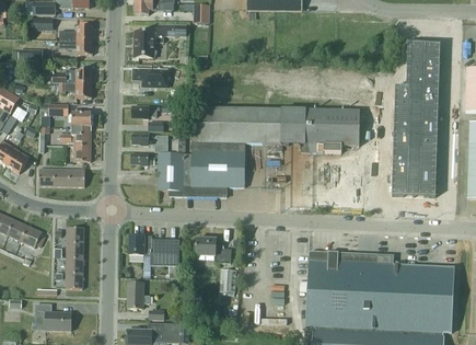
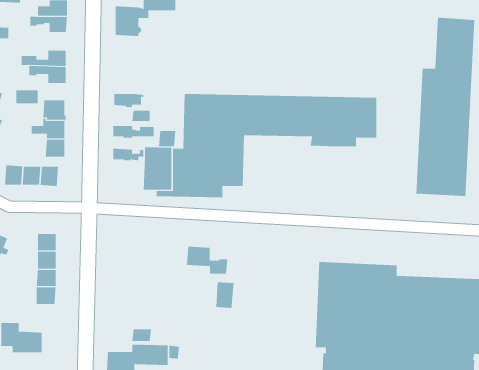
building: [132,68,167,87] -> none
building: [129,235,179,265] -> none
building: [127,281,150,308] -> none

